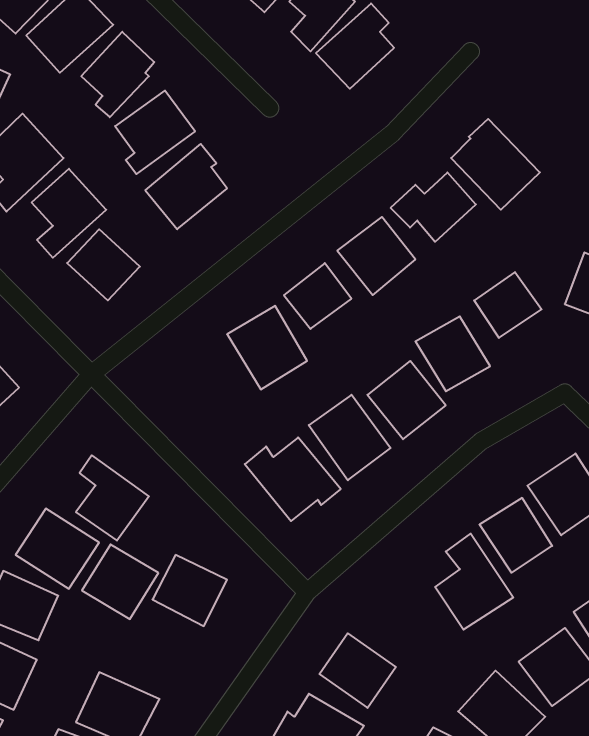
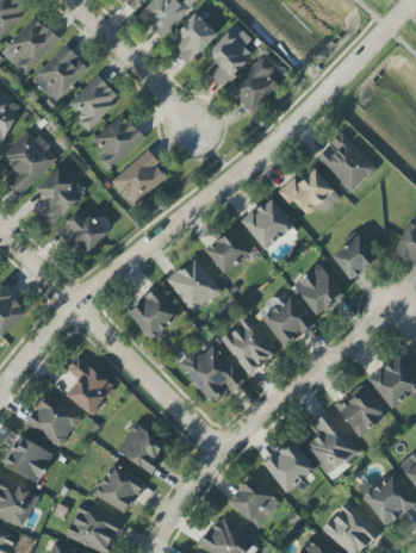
building: none -> [129,288,179,338]
building: [82,544,158,619] -> [94,462,145,512]
building: none -> [265,441,316,492]

